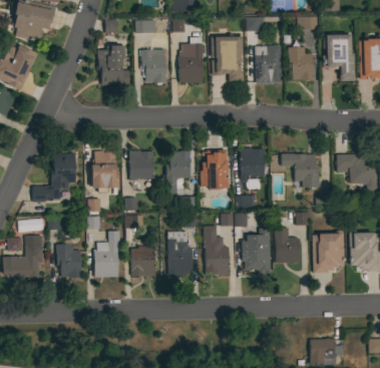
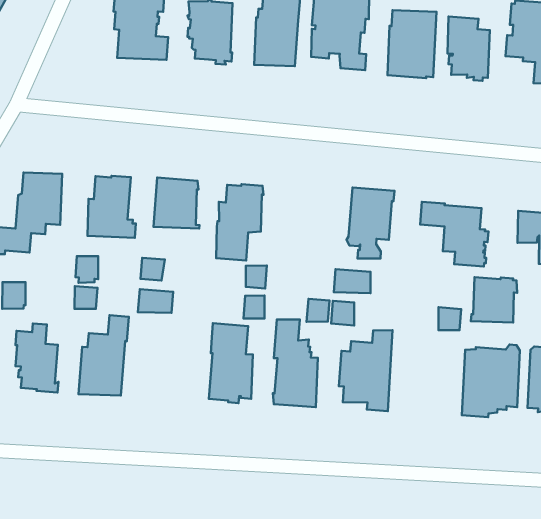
building: [200,149,228,191] -> none
building: [275,238,300,264] -> [471,277,517,323]
building: [131,244,155,276] -> none

